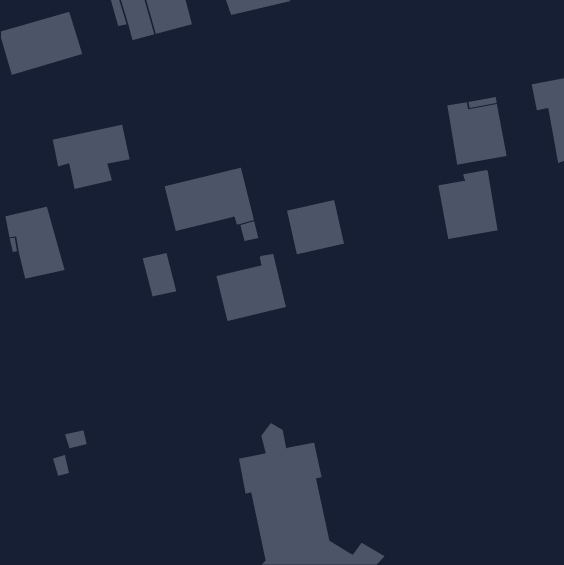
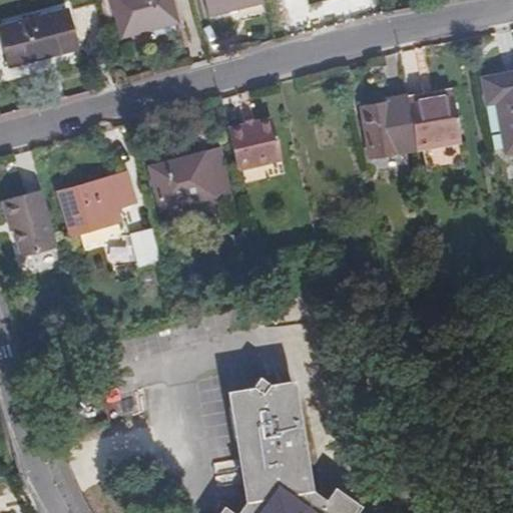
building: [52,124,130,189] -> [63,175,134,234]
building: [438,170,499,239] -> [360,94,415,157]
building: [286,199,345,255] -> [229,119,283,169]
building: [216,253,286,322] -> none

